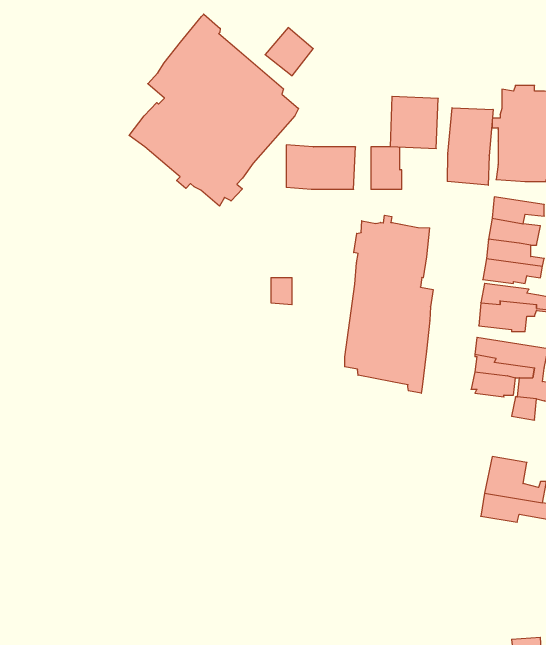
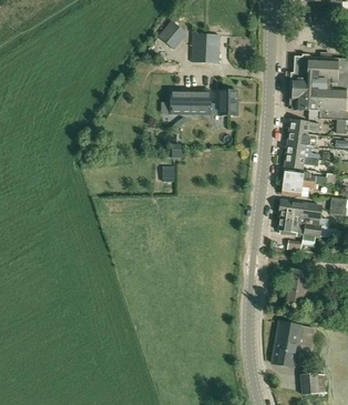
building: [129,14,299,206] -> none
building: [390,96,438,148] -> [192,33,219,63]
building: [447,108,493,185] -> none
building: [345,215,433,393] -> none
building: none -> [272,321,315,366]

